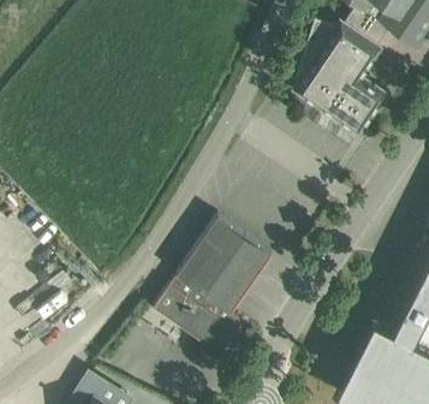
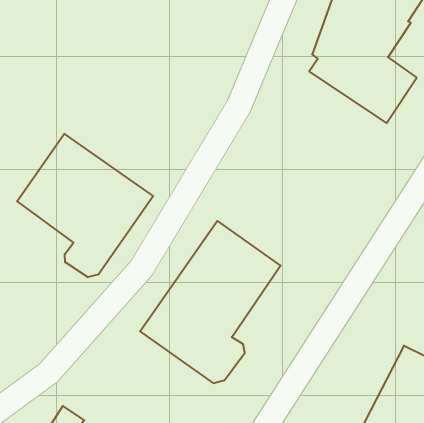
building: none -> [17,134,153,277]

